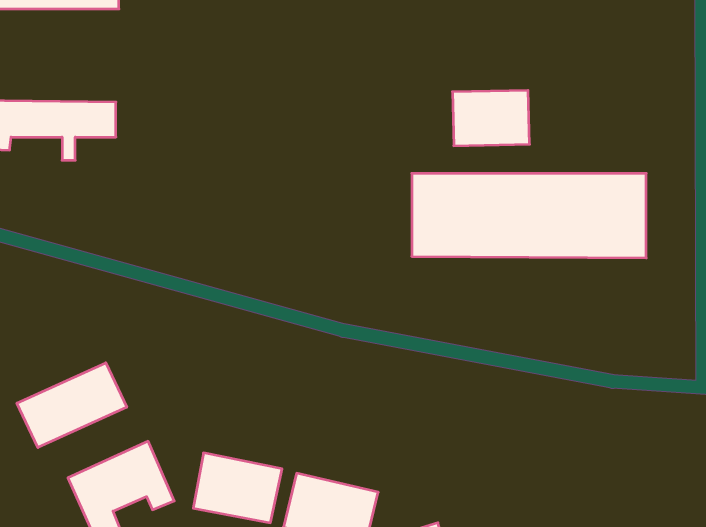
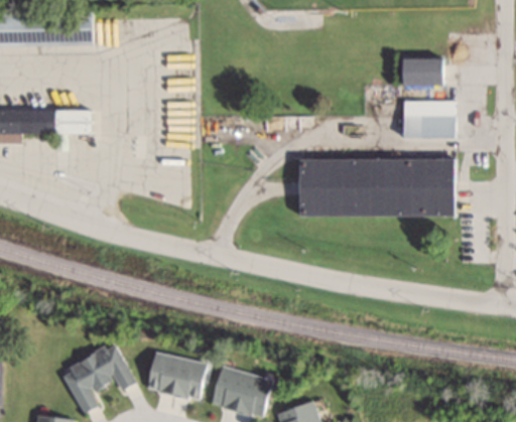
building: none -> [405,57,447,85]
building: [452,90,530,146] -> [403,99,457,137]
building: [17,363,127,448] -> none

